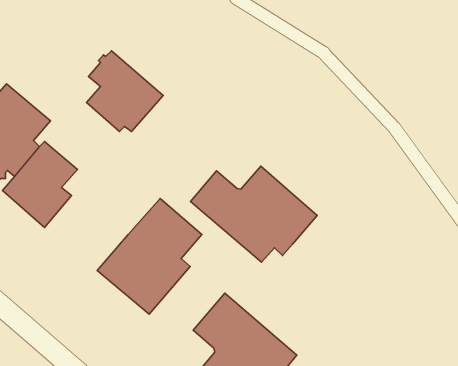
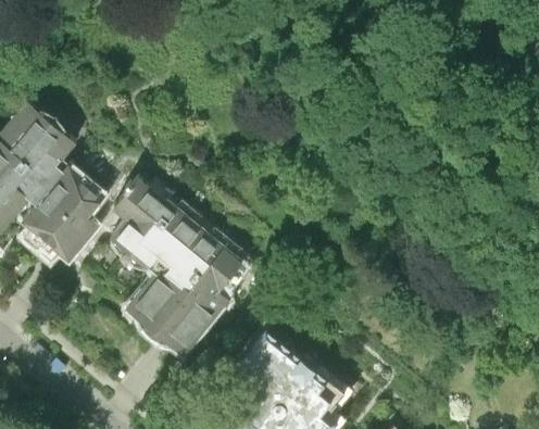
building: [87,51,163,132] -> [112,179,196,267]
building: [191,166,317,262] -> none

